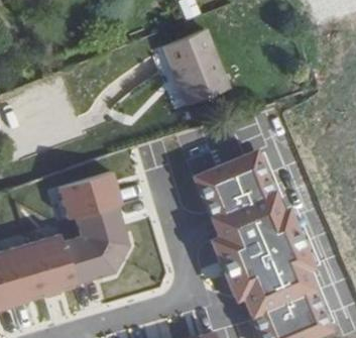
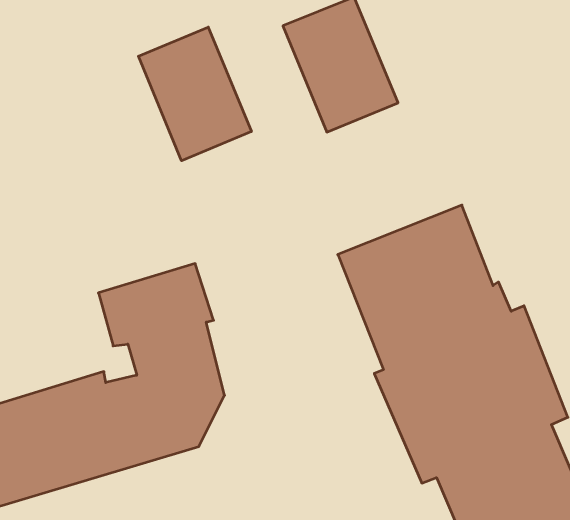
building: none -> [138,27,251,161]

